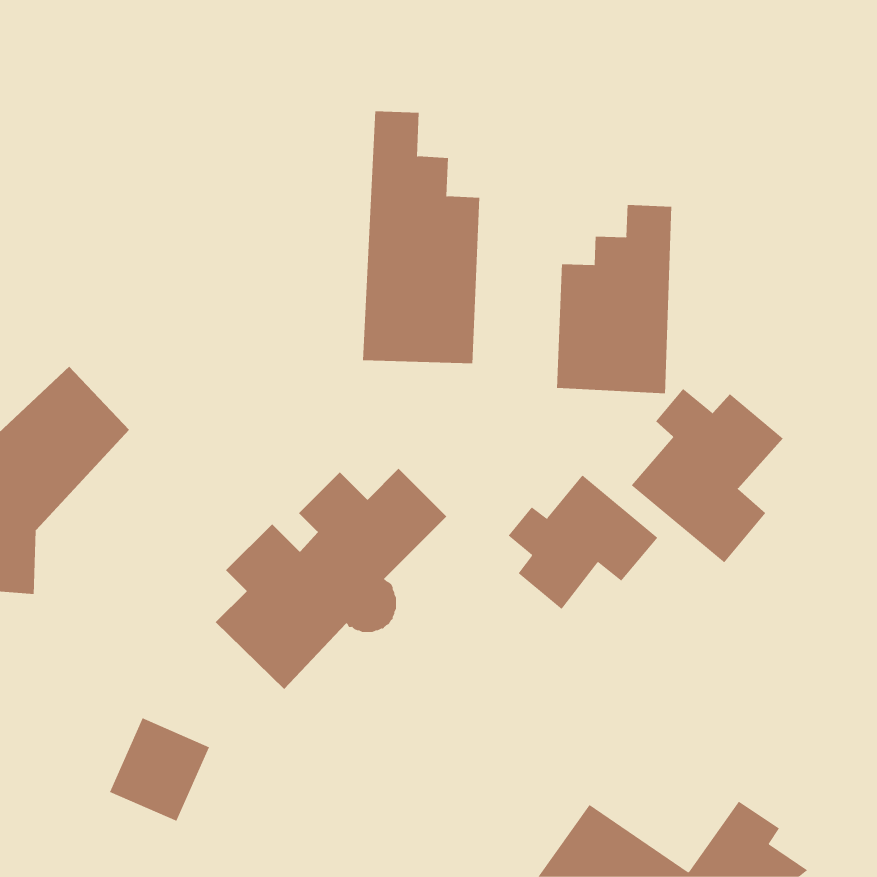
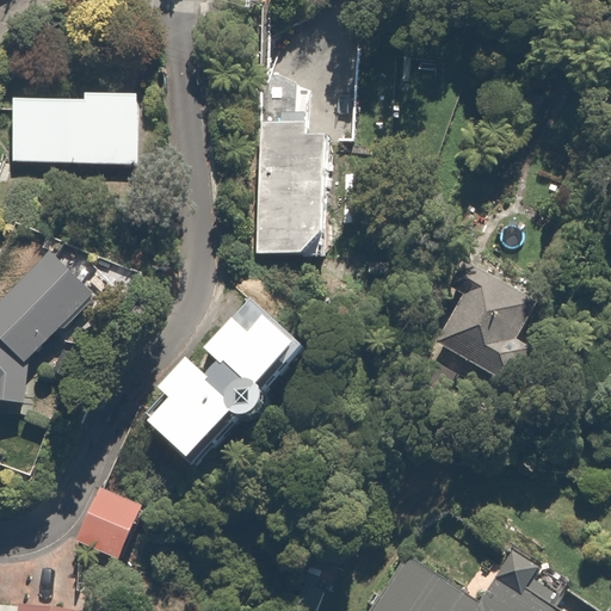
building: none -> [7,84,146,166]
building: [556,204,672,394] -> none
building: [508,474,658,610] -> none

